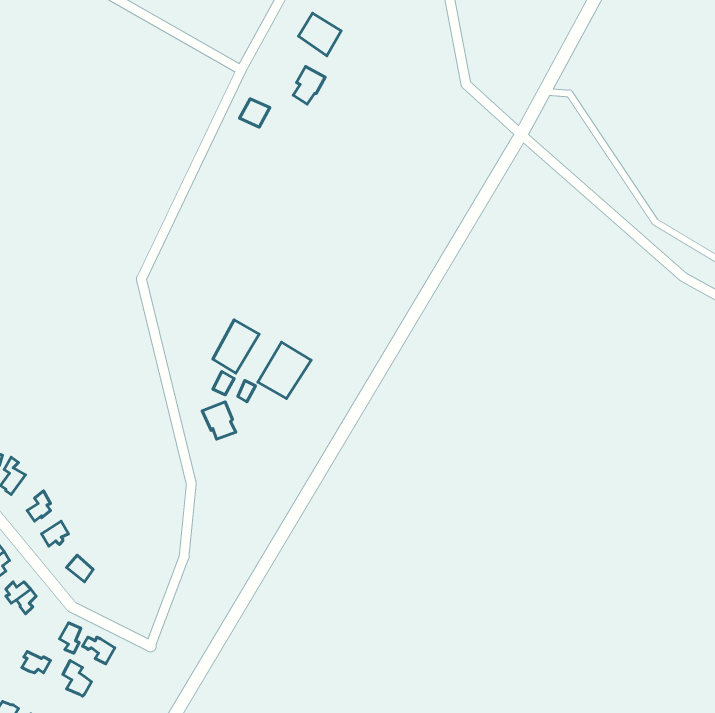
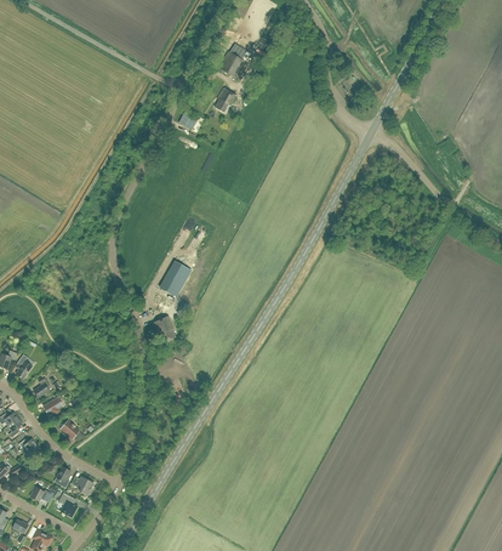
building: [258,342,311,399] -> none

